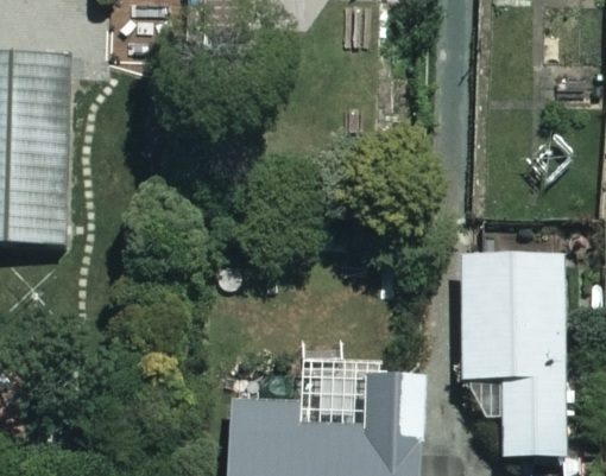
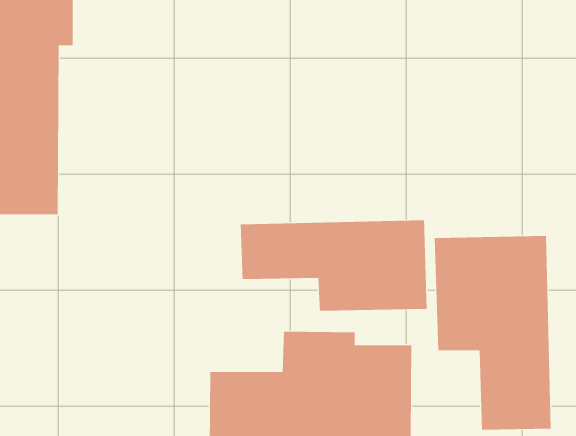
building: none -> [240,219,427,311]

